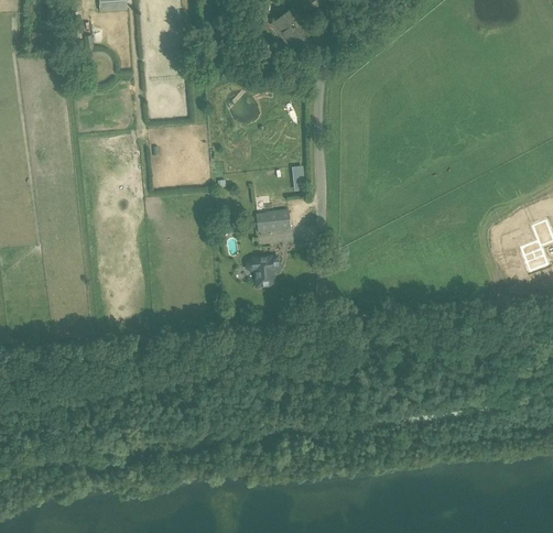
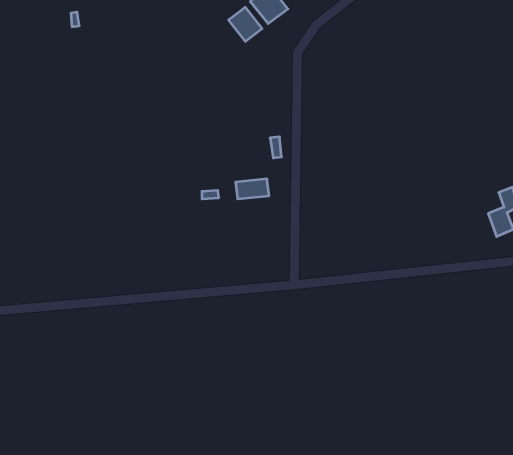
building: none -> [229,7,262,41]
building: [247,254,278,285] -> none

